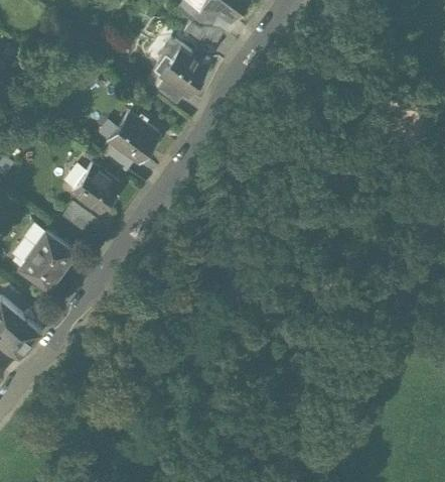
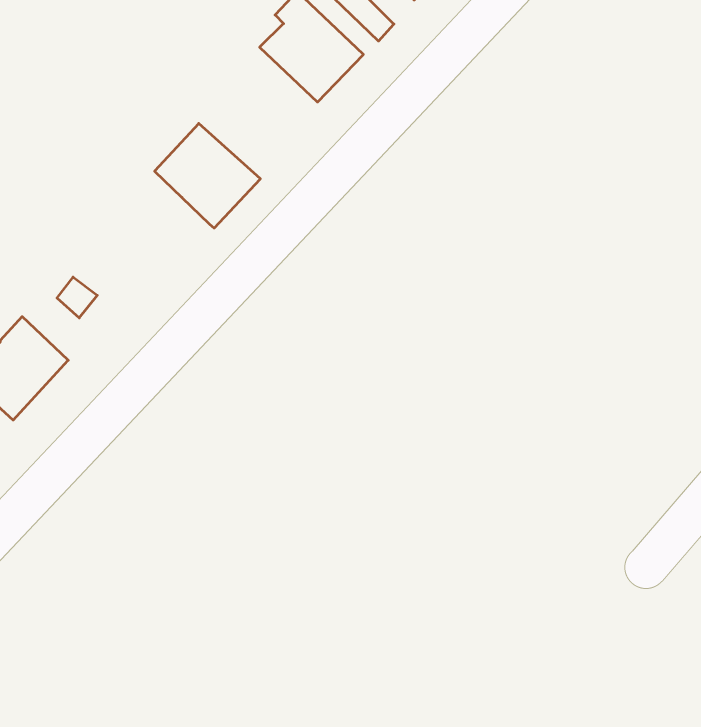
building: [70,162,118,209] -> none

